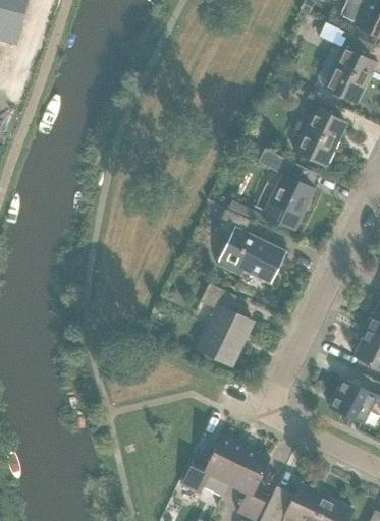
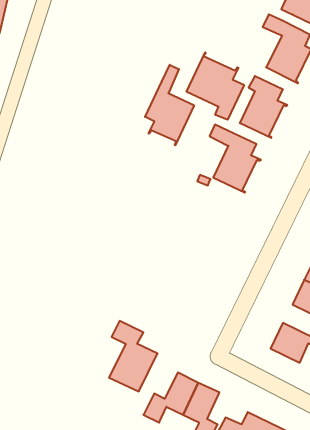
building: none -> [187,52,244,120]
building: none -> [145,65,194,145]
building: [216,209,286,284] -> none
building: [197,284,253,365] -> [109,321,158,391]

